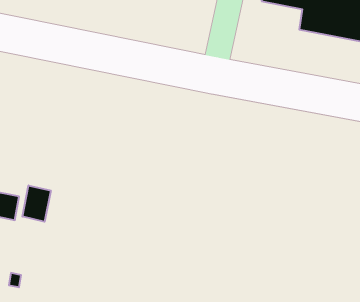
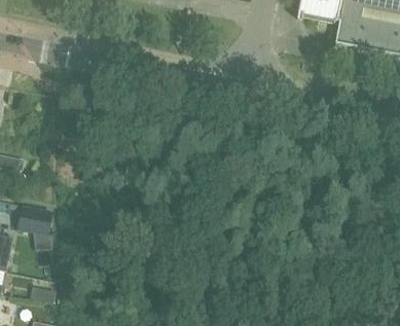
building: [22,185,51,222] -> none

